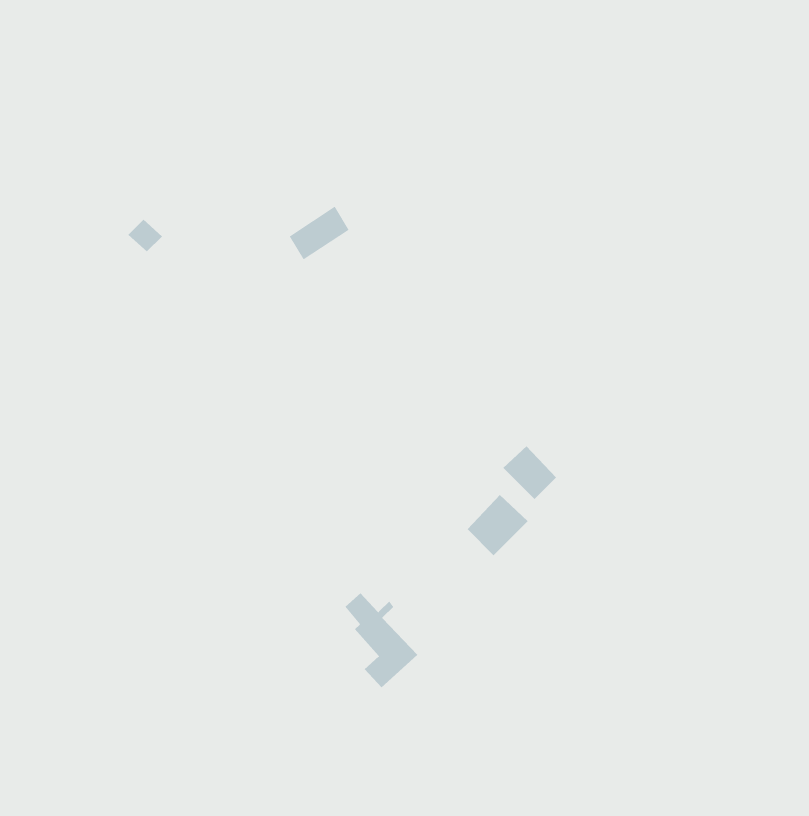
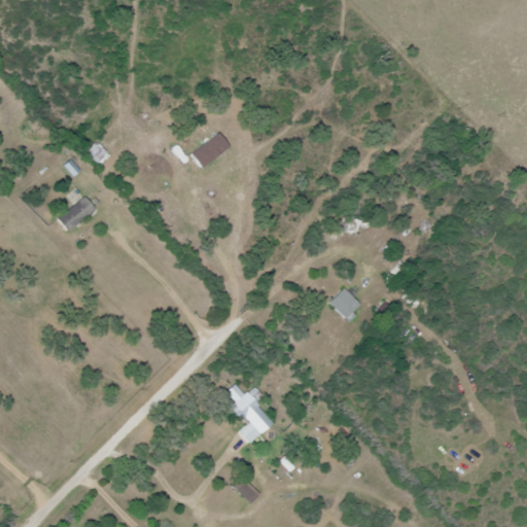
building: none -> [57,196,97,232]
building: [467,494,528,556] -> none

